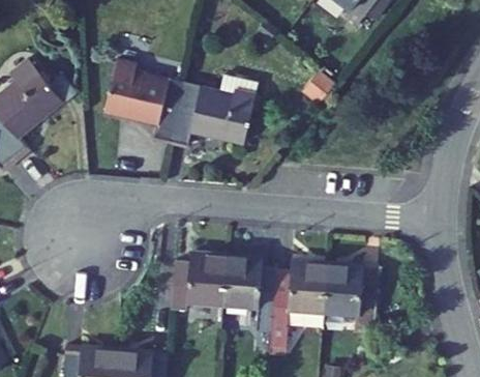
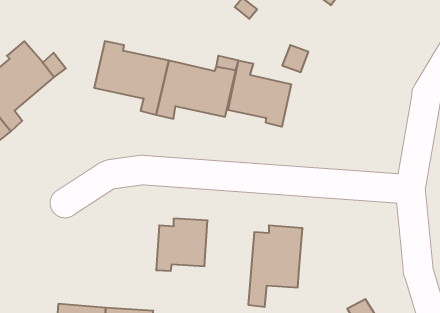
building: none -> [228,60,291,127]
building: [221,255,274,345] -> none
building: [322,263,377,334] -> none

